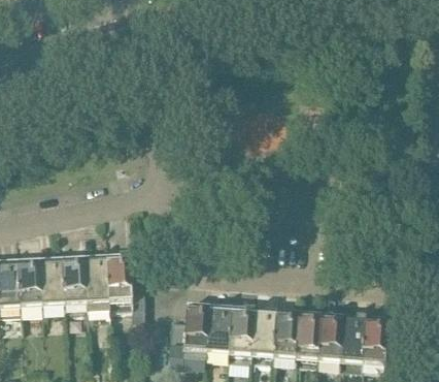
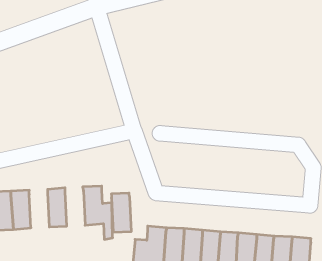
building: [85,256,109,305] -> [111,193,131,232]
building: [40,259,65,307] -> none

